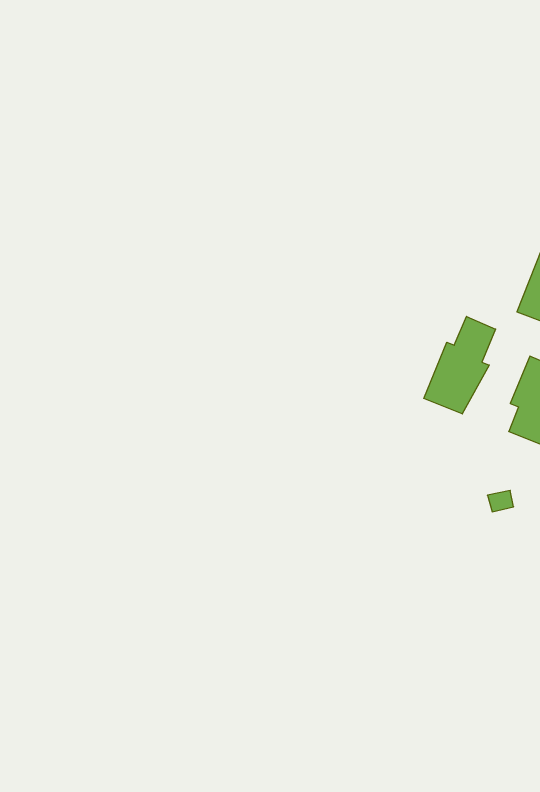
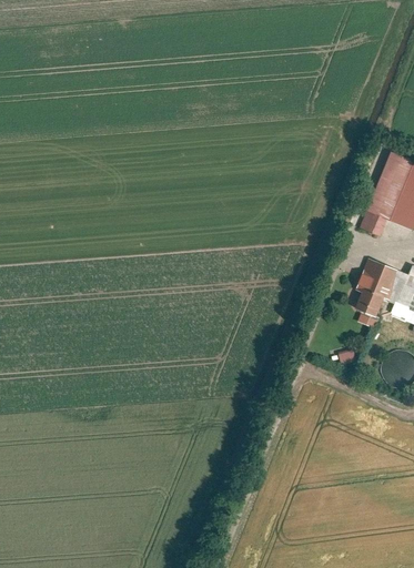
building: [424,316,496,414] -> none

